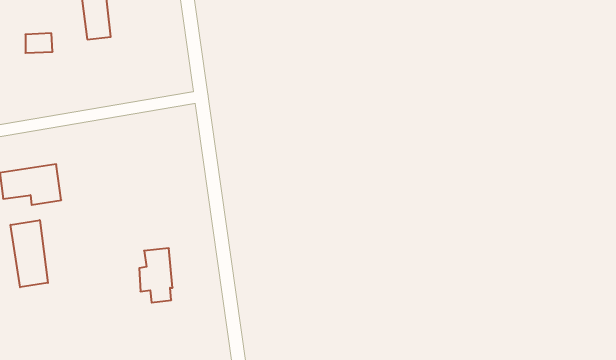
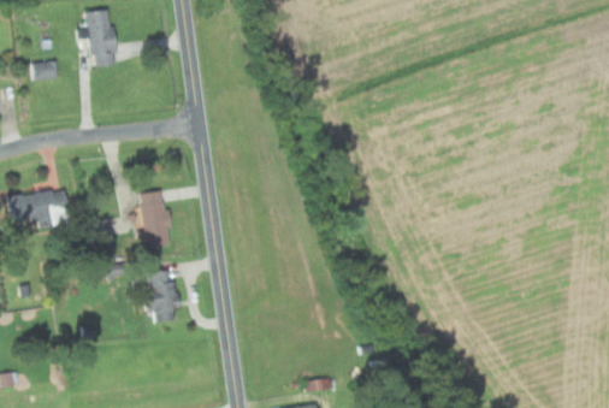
building: none -> [140,190,170,246]
building: [11,220,48,287] -> none

